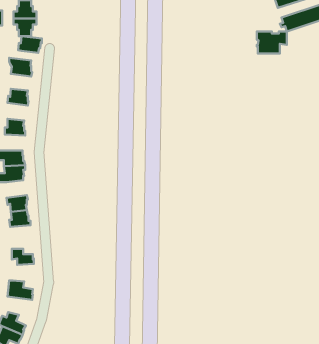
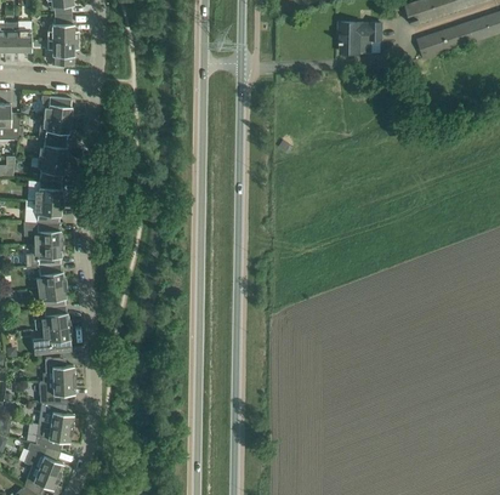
building: [257,32,287,54] -> [339,22,380,52]
building: [18,36,42,53] -> [38,116,70,140]
building: none -> [36,157,66,181]
building: none -> [33,200,62,222]
building: none -> [35,263,64,288]
building: none -> [33,325,70,354]
building: none -> [38,379,74,403]
building: none -> [34,423,72,449]

